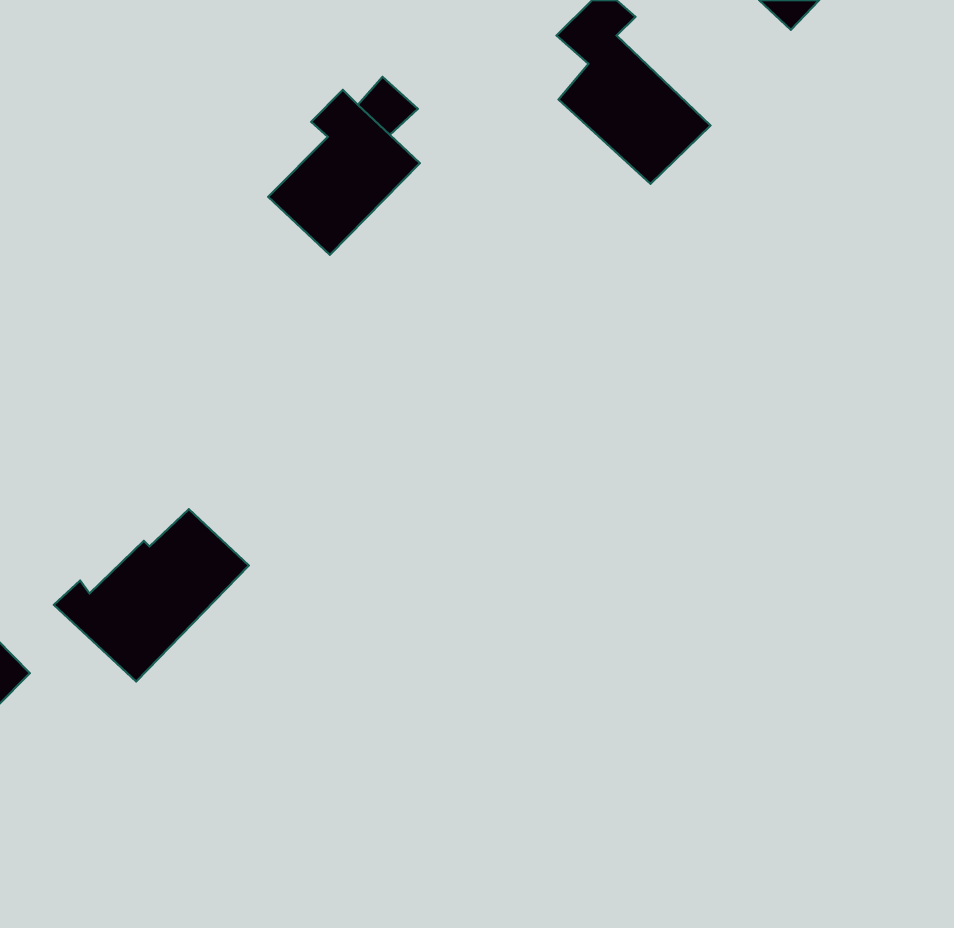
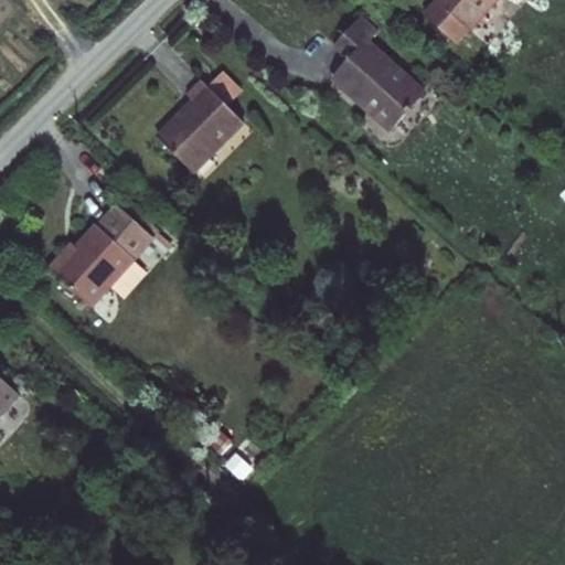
building: [54,509,249,682] -> [49,198,163,299]

